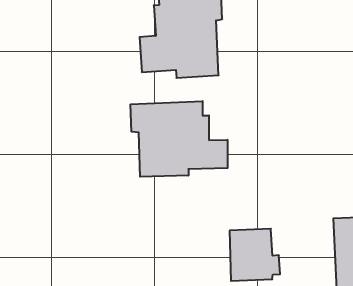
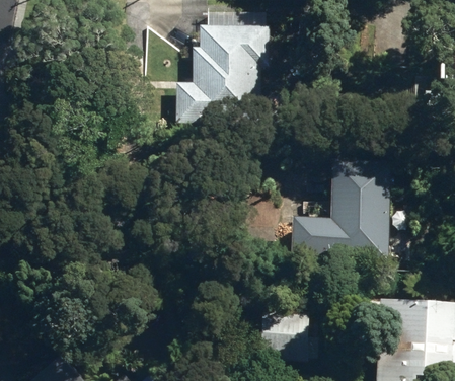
building: none -> [290,158,391,254]
building: [131,101,228,177] -> none

